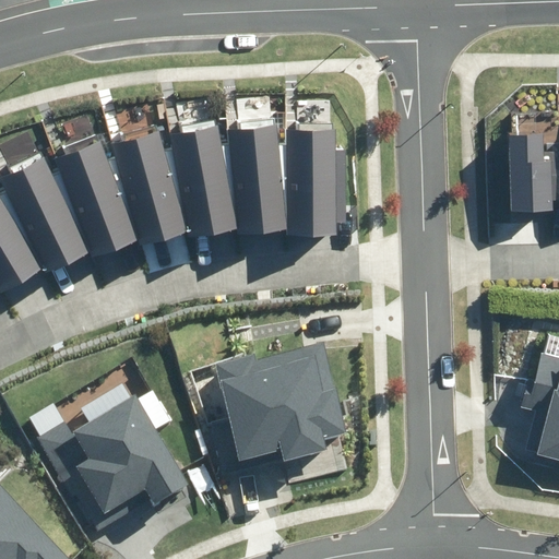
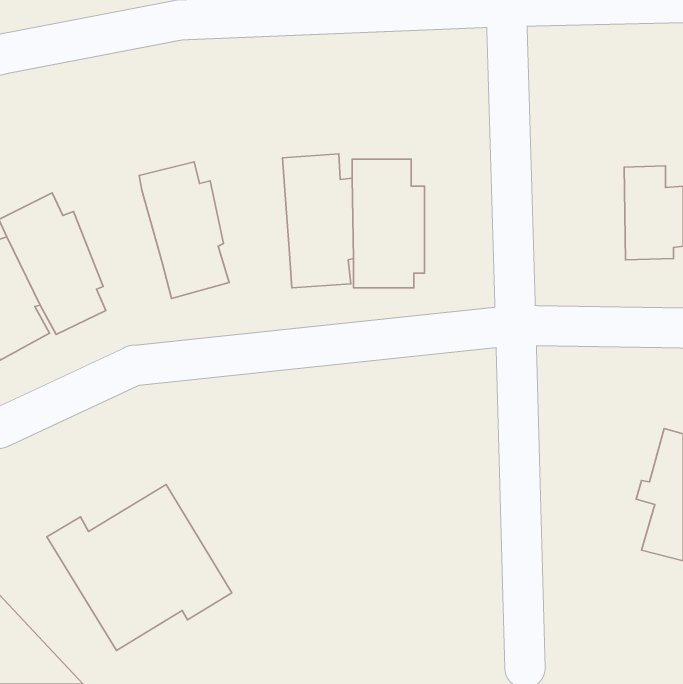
building: [169,126,236,237] -> none
building: [55,140,136,255] -> none
building: [210,344,345,472] -> none

